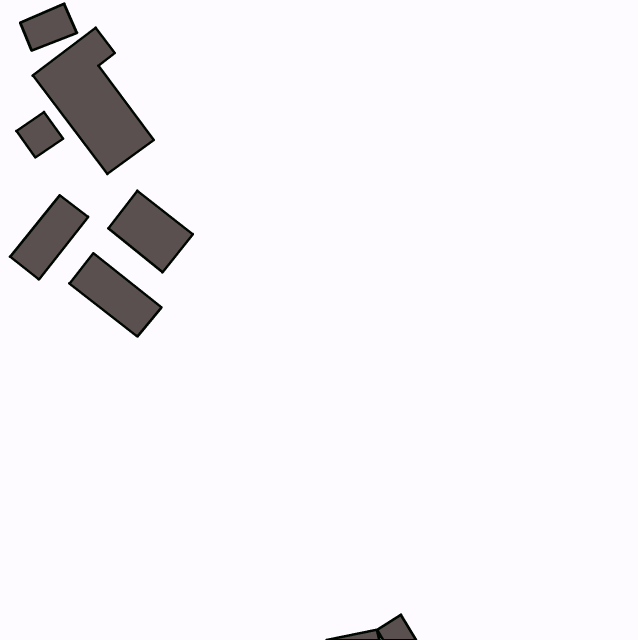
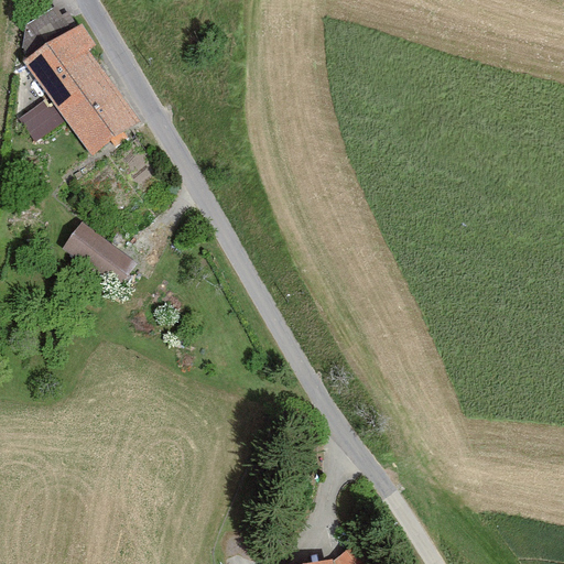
building: [108,191,193,272] -> none
building: [10,195,88,279] -> none

